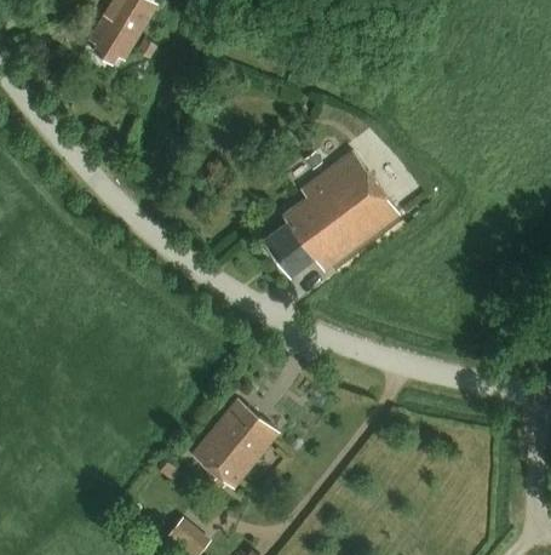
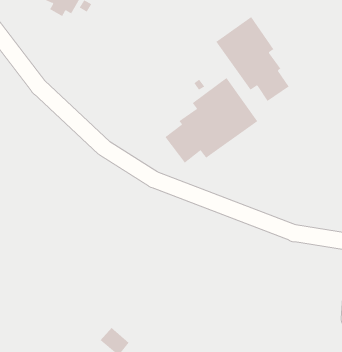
building: none -> [215,16,290,102]
building: [189,399,276,490] -> none

